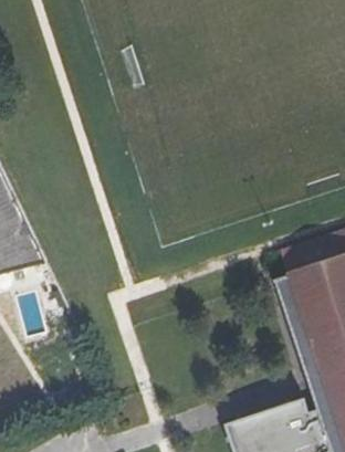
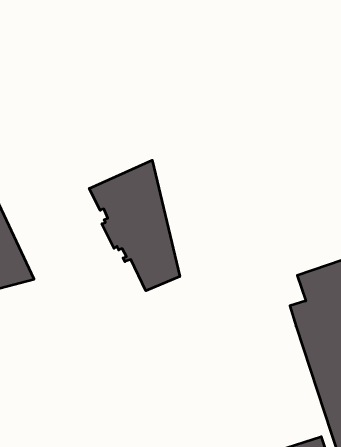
building: none -> [89,160,180,291]

